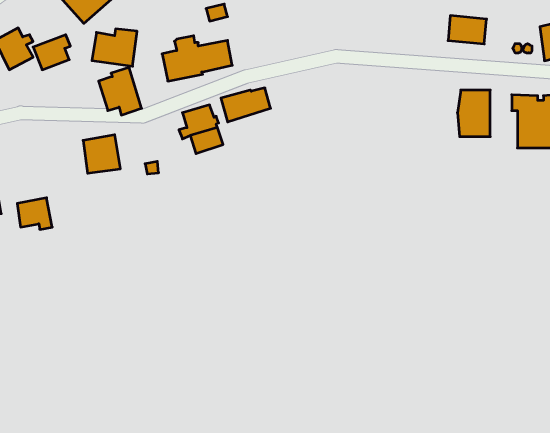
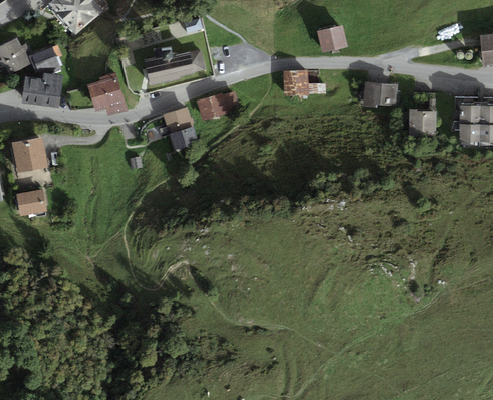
building: none -> [318,25,347,51]
building: [448,16,487,44] -> [364,81,399,107]
building: [92,29,137,66] -> [23,73,63,107]
building: none -> [283,69,326,97]
building: [83,135,120,173] -> [14,137,47,171]

